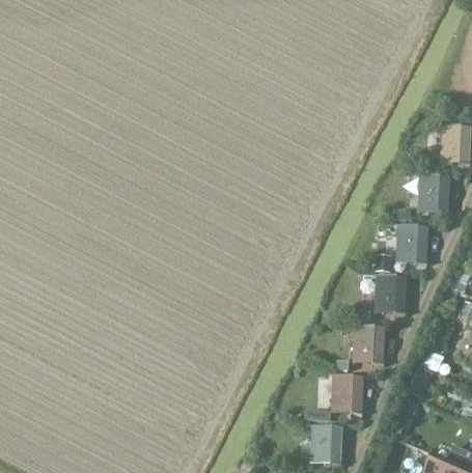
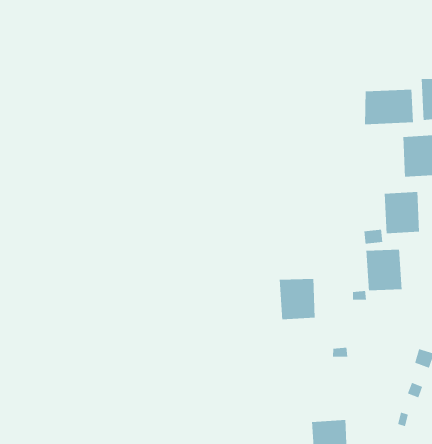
building: none -> [364,89,414,125]
building: [354,325,387,363] -> [279,278,316,320]
building: [332,373,365,412] -> none

